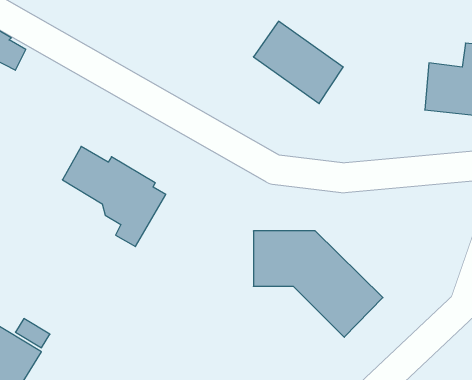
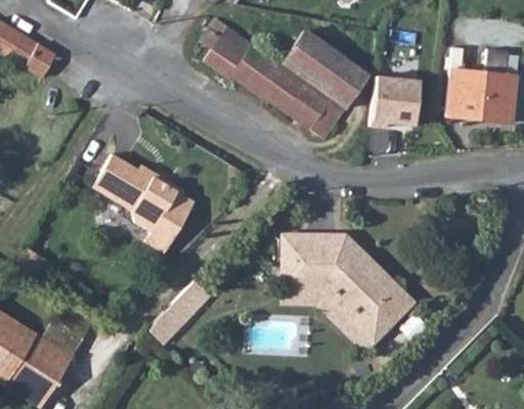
building: none -> [201,19,346,140]
building: none -> [372,78,420,129]
building: none -> [150,282,208,342]
building: none -> [281,289,370,348]

